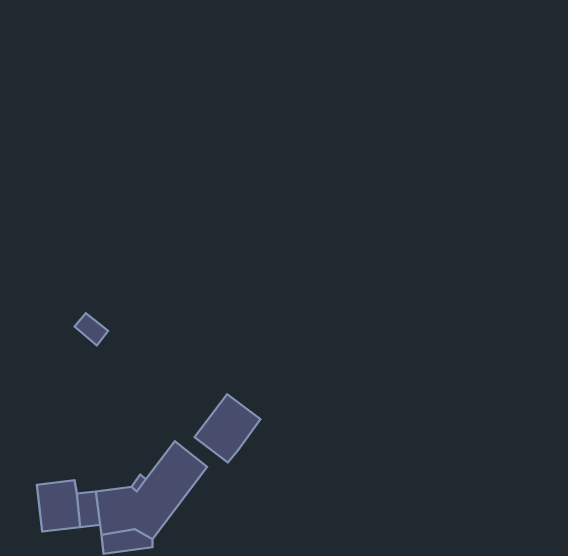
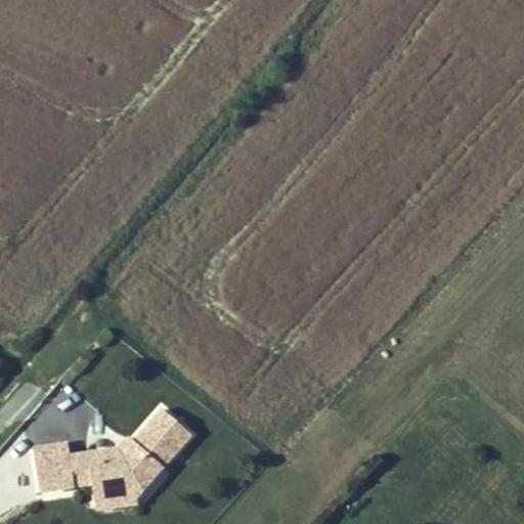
building: [195,394,261,462] -> none

